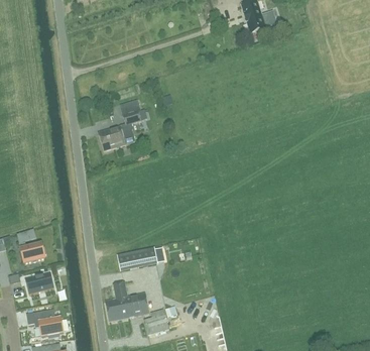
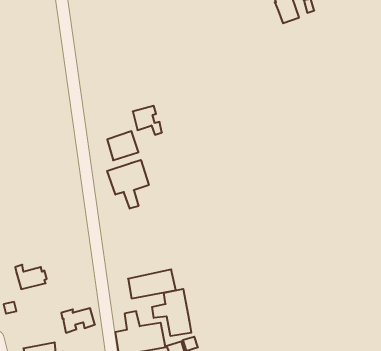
building: none -> [107,160,149,209]
building: none -> [152,289,191,336]
building: [23,274,52,296] -> [61,308,95,333]

